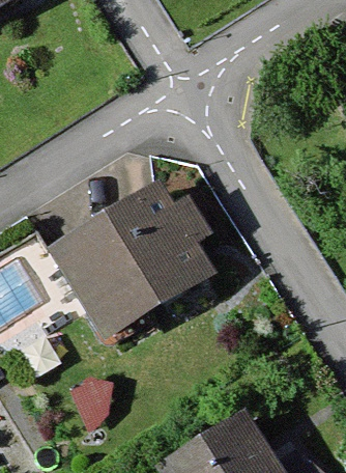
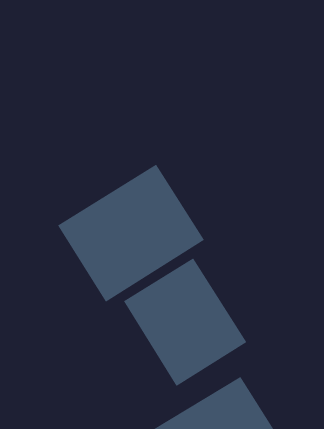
building: none -> [123,257,247,387]

